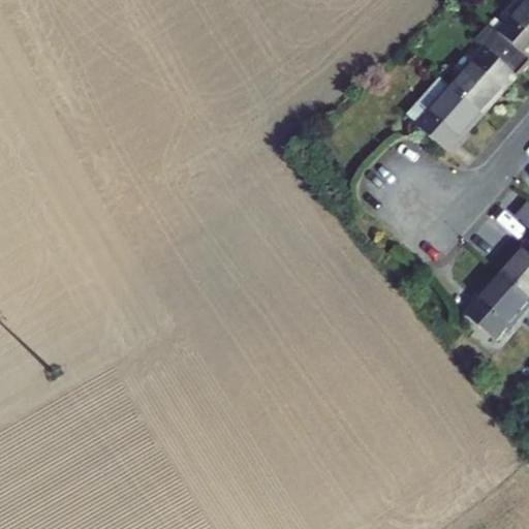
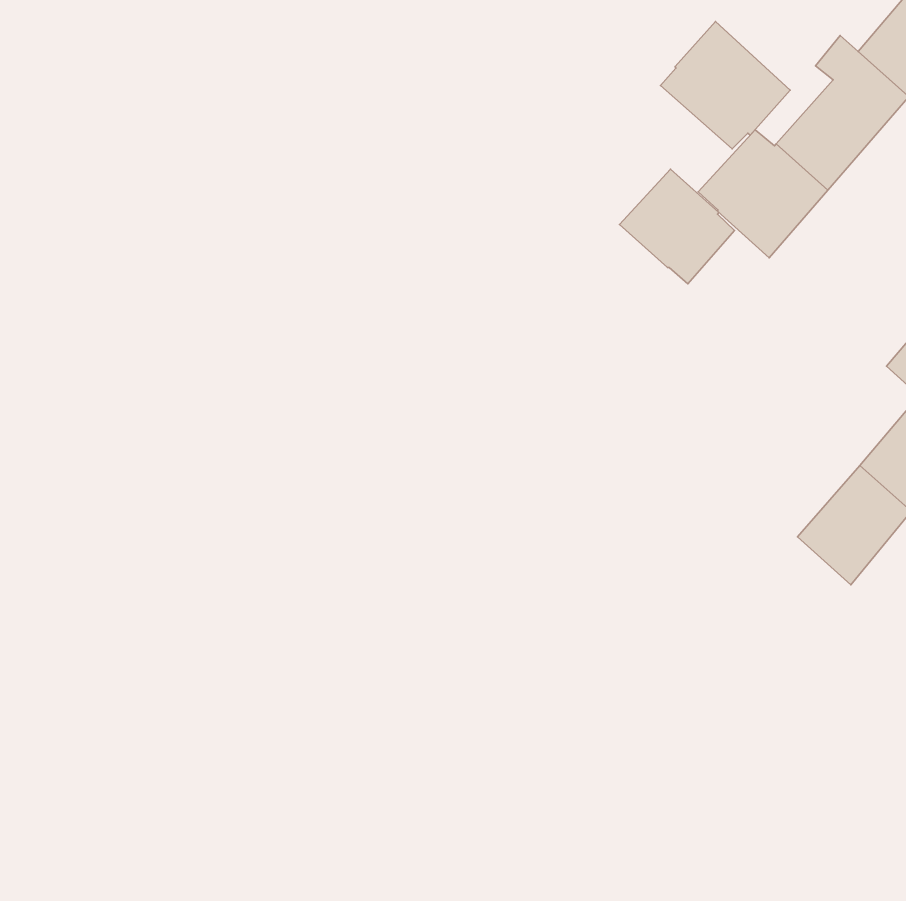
building: none -> [661,22,790,149]
building: none -> [619,169,734,284]

